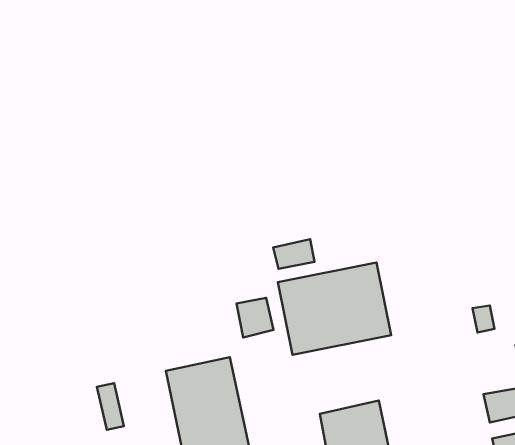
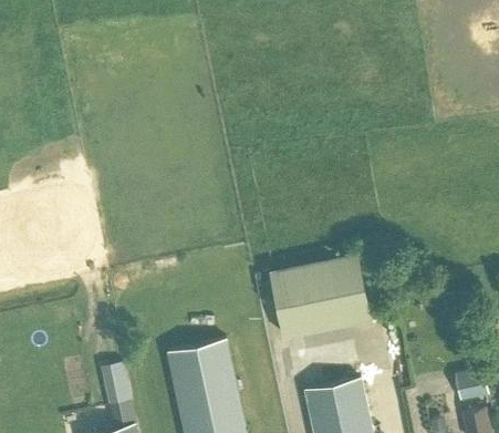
building: [273,239,315,269] -> none
building: [236,298,273,338] -> none

